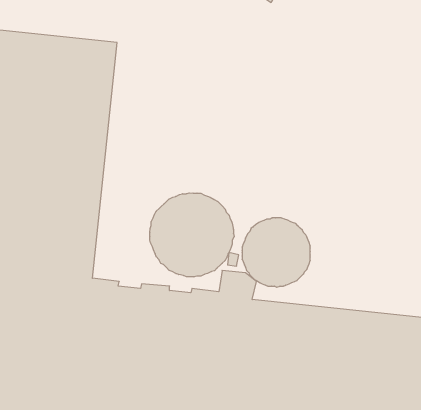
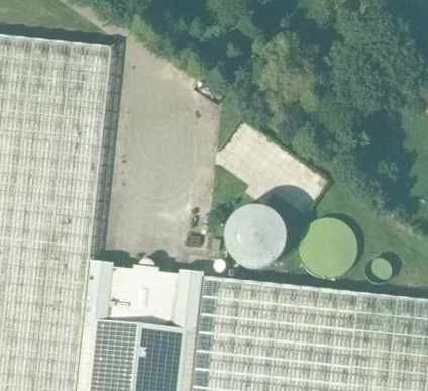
building: [150,193,234,277] -> none

